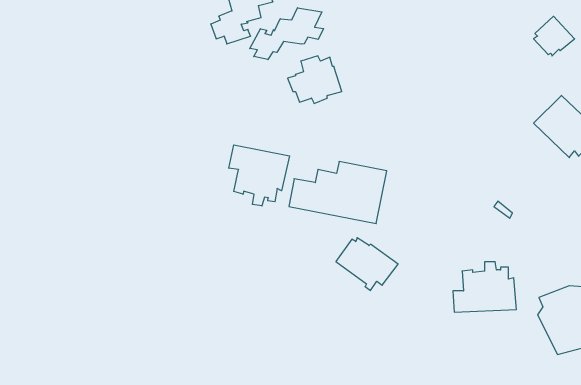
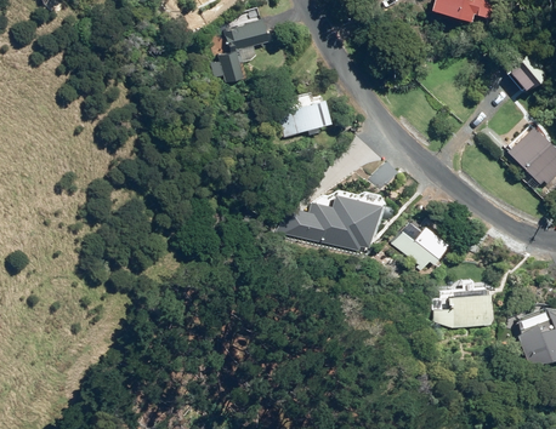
building: [250,8,324,60] -> none
building: [229,145,290,206] -> none
building: [336,238,398,291] -> [393,222,450,270]

